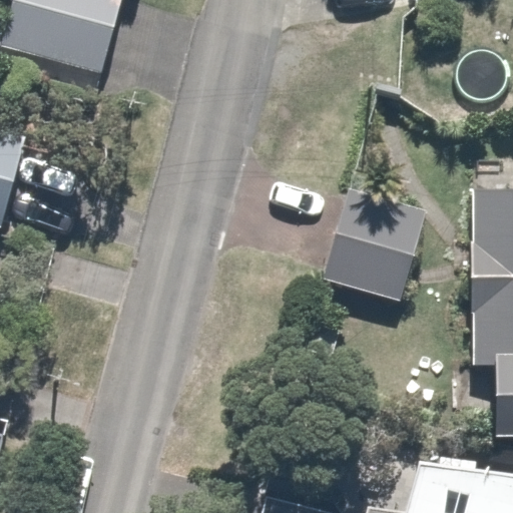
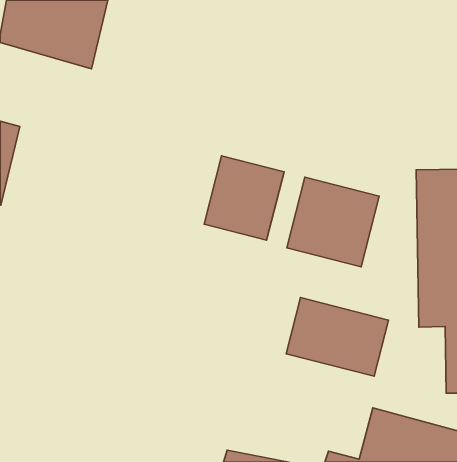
building: none -> [204,156,284,240]
building: none -> [286,298,388,376]

